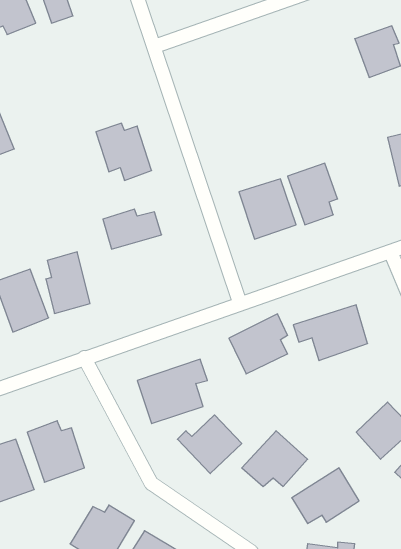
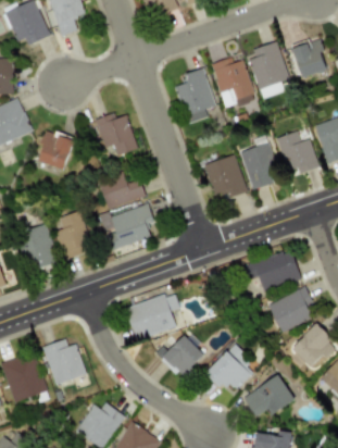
building: none -> [249,41,288,98]
building: none -> [211,57,254,108]
building: none -> [176,69,215,123]
building: none -> [38,129,74,169]
building: none -> [276,130,317,171]
building: none -> [99,203,153,249]
building: [229,314,288,374] -> [268,286,313,332]

